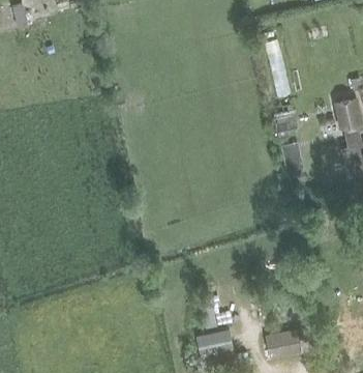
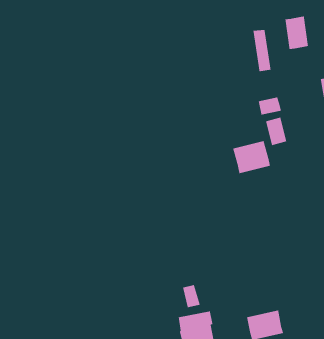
building: none -> [284,16,309,50]
building: none -> [232,140,271,174]

